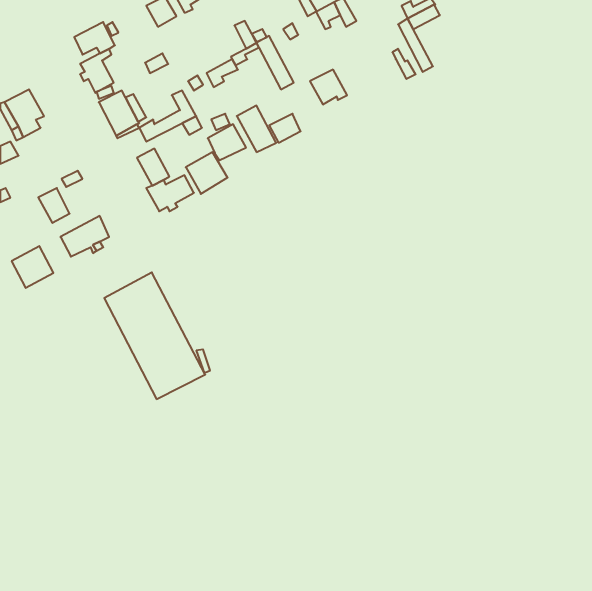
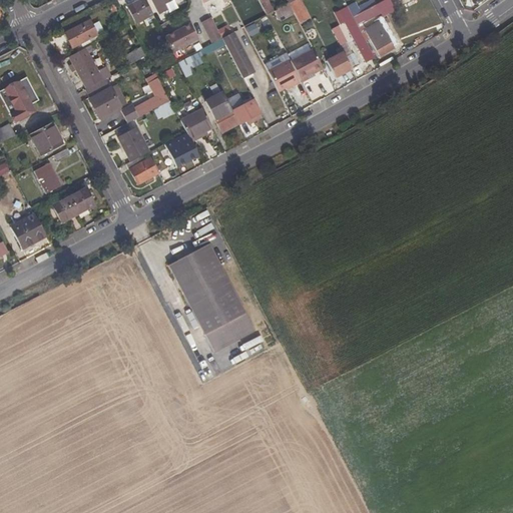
building: none -> [366,16,397,55]
building: none -> [165,23,199,52]
building: none -> [291,47,324,81]
building: none -> [327,51,352,77]
building: none -> [31,122,63,154]
building: [104,272,205,399] -> [168,242,255,352]

